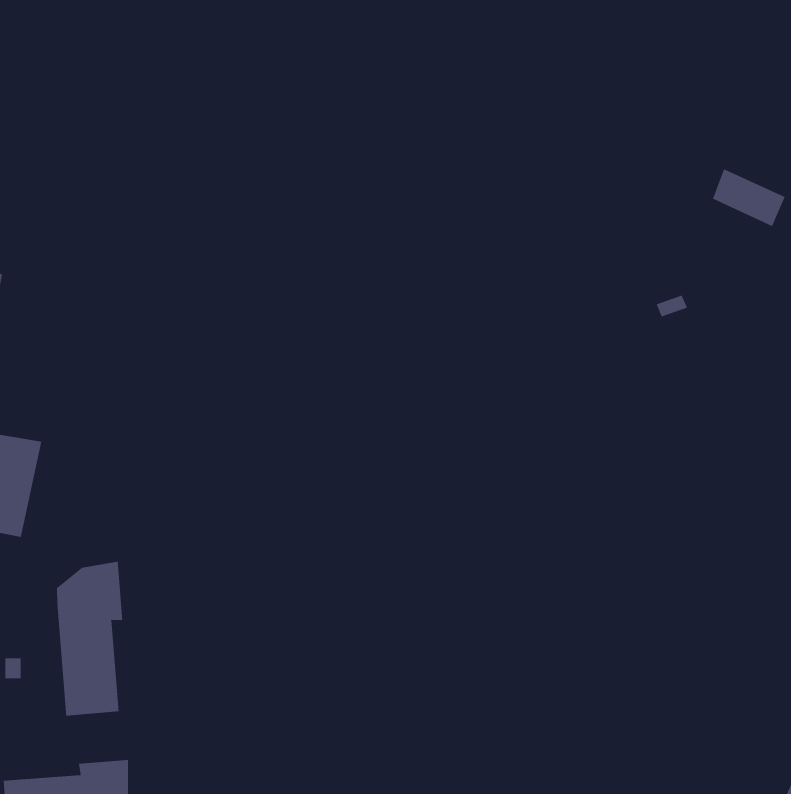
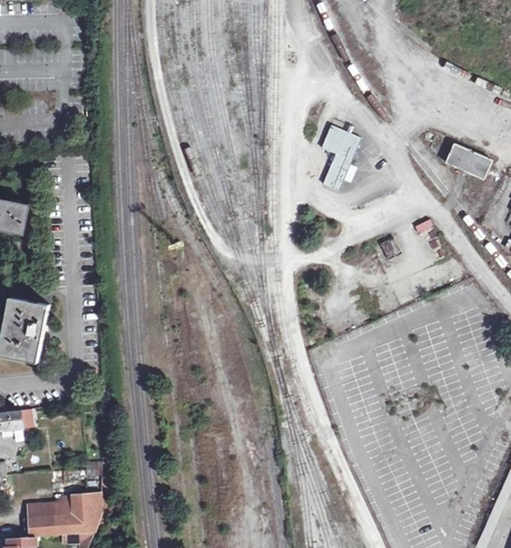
building: none -> [320,124,361,189]
building: [57,561,123,717] -> none

